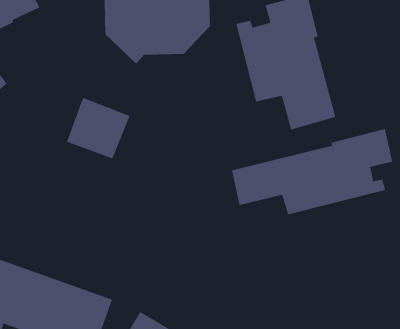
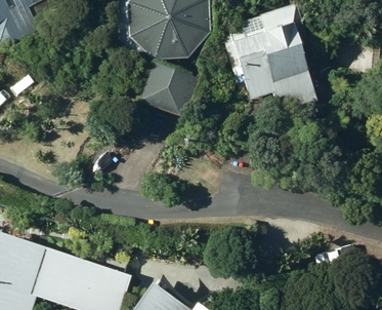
building: [66,97,130,159] -> [139,61,196,115]
building: [232,128,393,215] -> none

